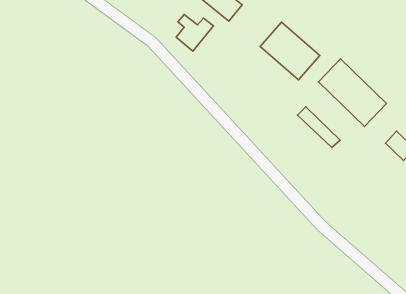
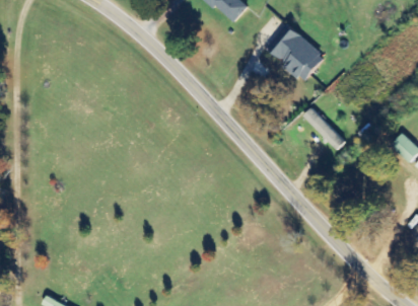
building: [176,14,213,51] -> none
building: [318,59,387,126] -> none

